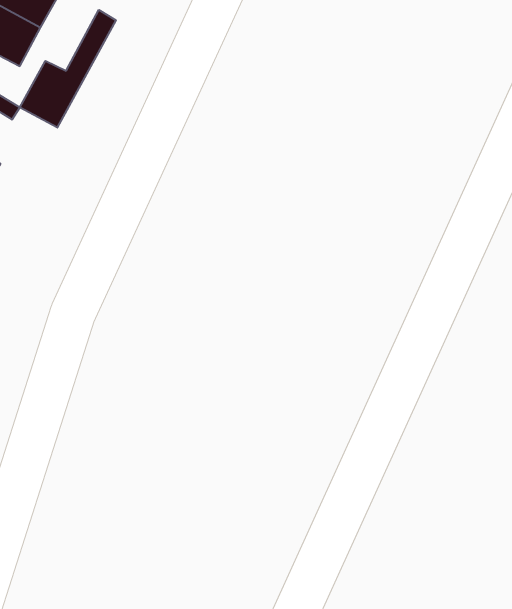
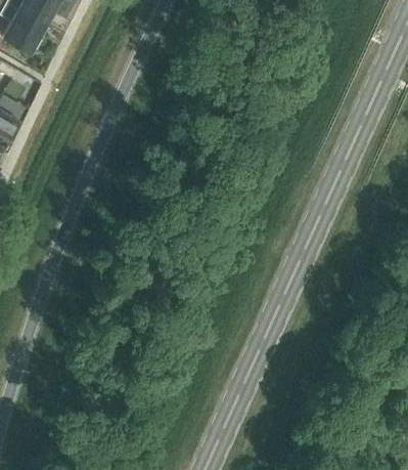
building: [20,10,116,128] -> none

